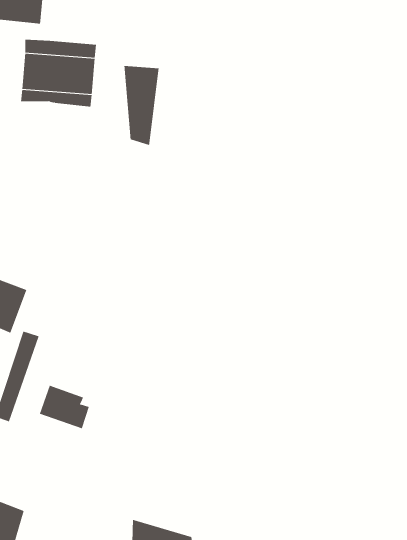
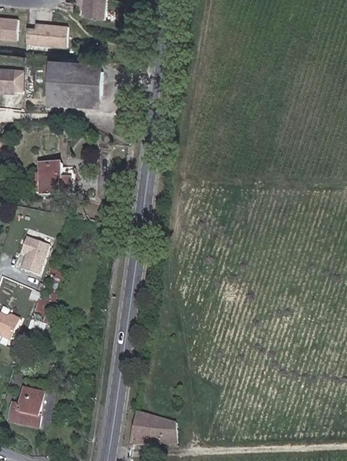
building: [124,65,159,146] -> none
building: none -> [39,159,71,188]
building: [39,385,90,429] -> none

